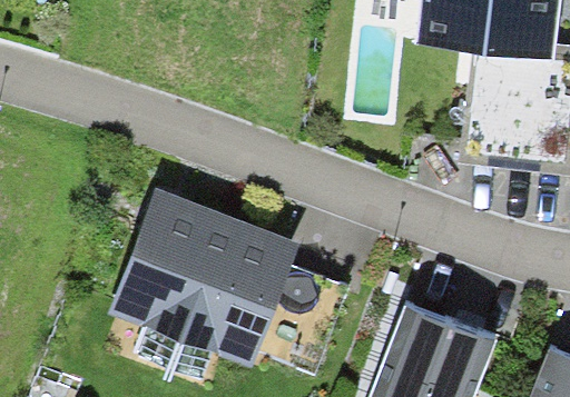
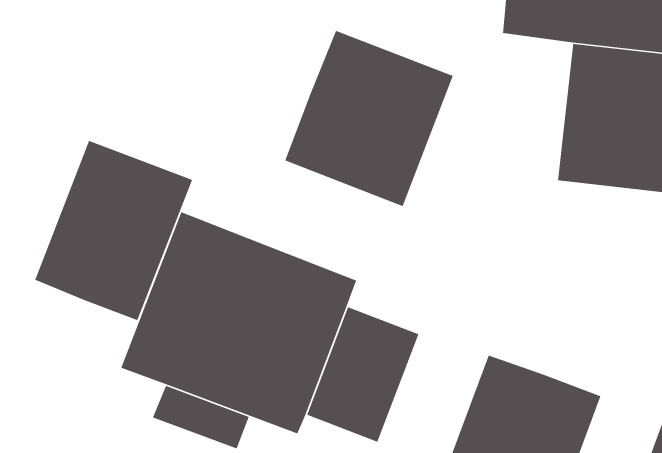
building: none -> [284,30,454,207]
building: none -> [34,140,193,321]

